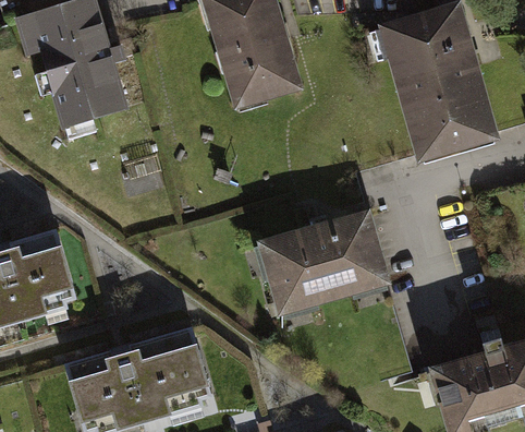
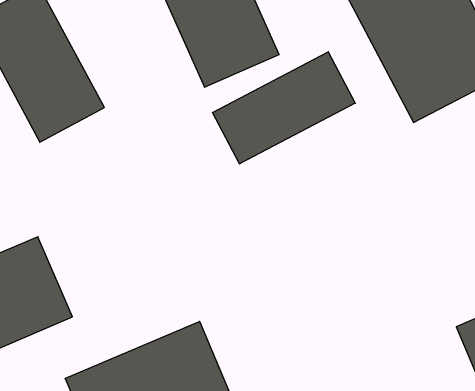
building: none -> [213,52,355,164]
building: [257,213,384,327] -> none

